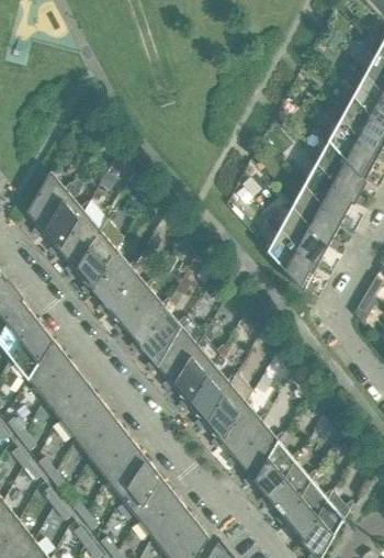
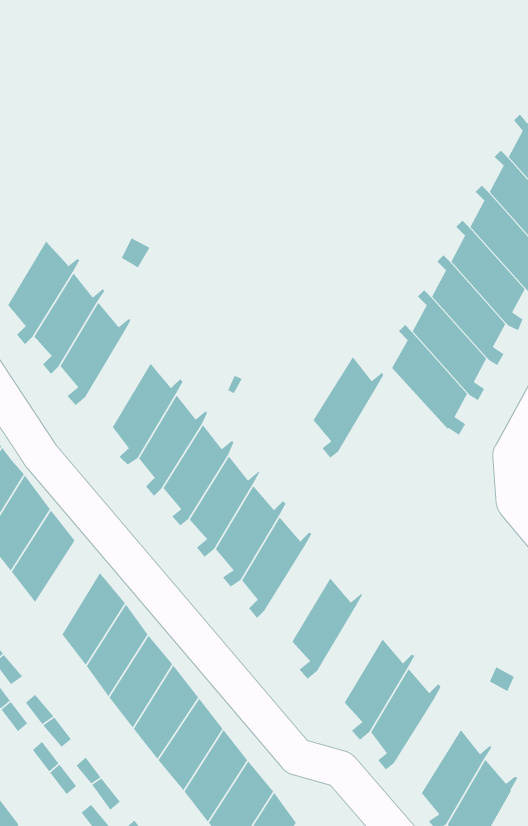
building: [76,228,121,293] -> none
building: [44,359,84,418] -> none
building: [189,362,234,427] -> [313,356,384,459]
building: [222,401,267,466] -> none
building: [270,459,315,524] -> none

